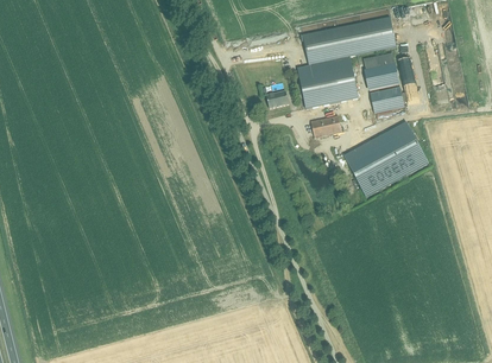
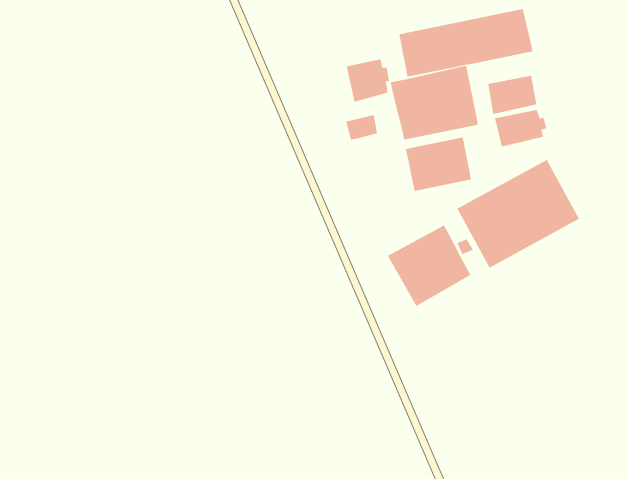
building: none -> [346,59,390,102]
building: none -> [387,224,471,307]

